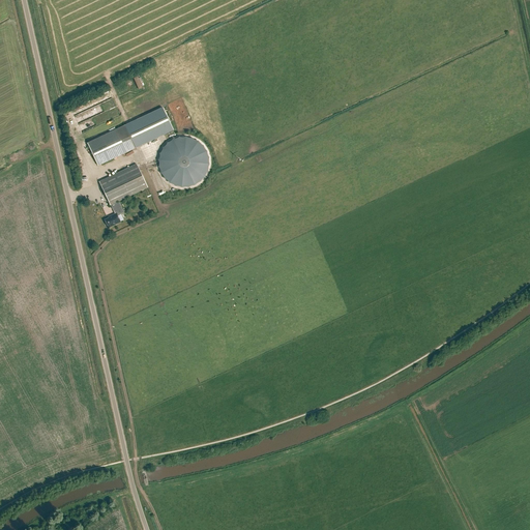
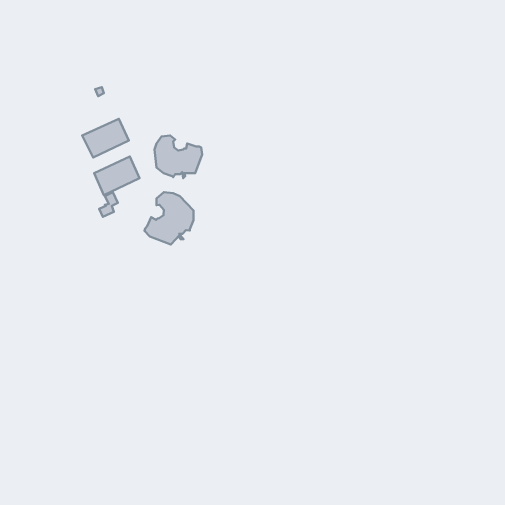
building: [124,107,172,147] -> none
building: none -> [145,192,194,245]

